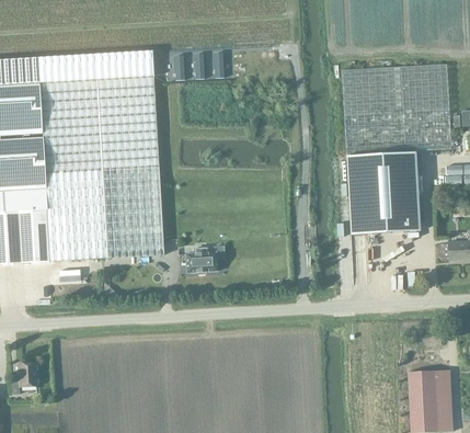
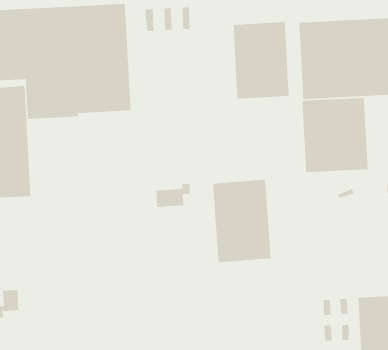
building: none -> [233,21,289,100]
building: [45,167,163,261] -> none
building: none -> [212,179,271,263]

